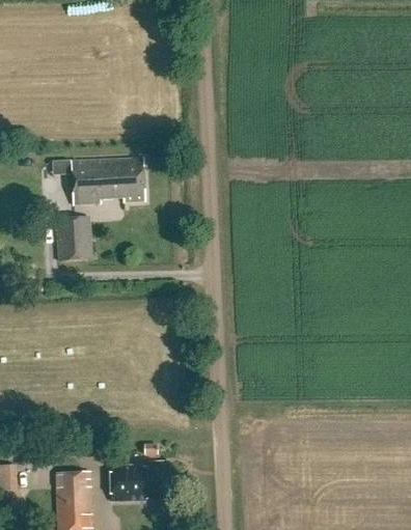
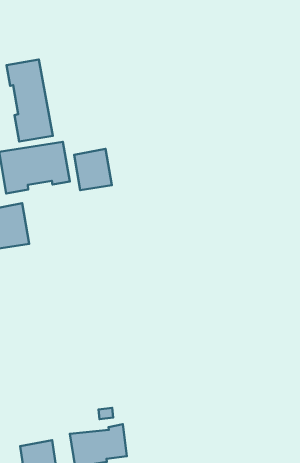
building: none -> [7,60,53,142]
building: none -> [74,149,112,190]

